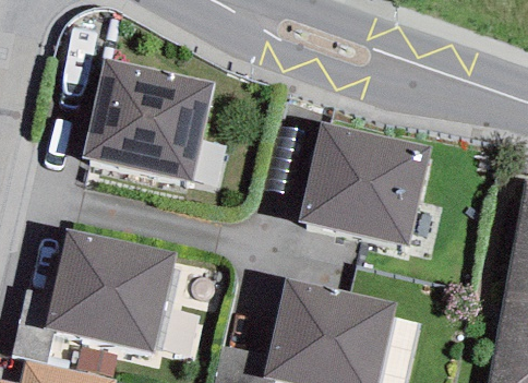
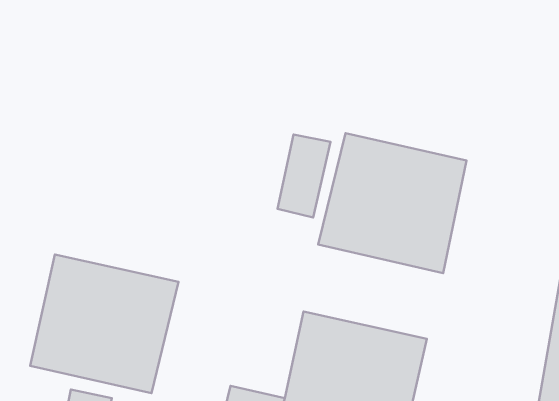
building: [83,58,213,179] -> none

